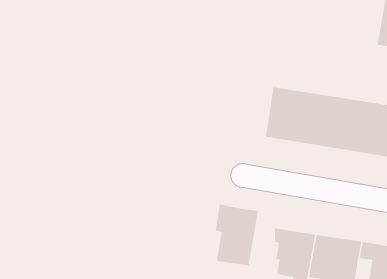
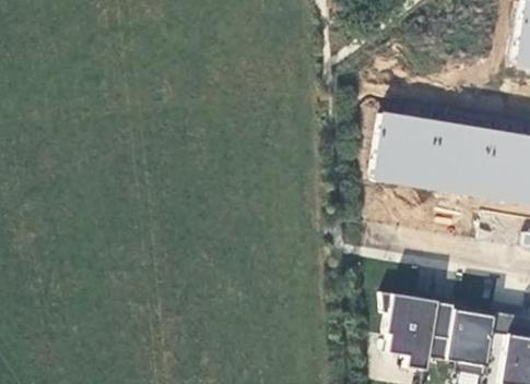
building: [215,204,259,266] -> none

